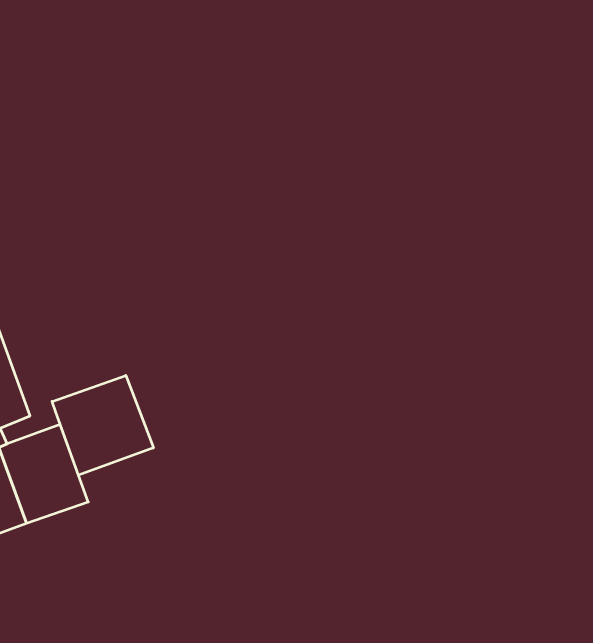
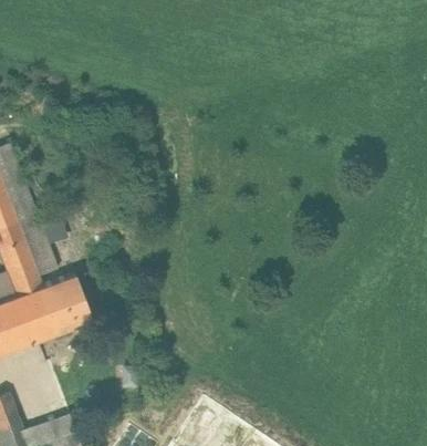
building: [52,375,153,475] -> none

